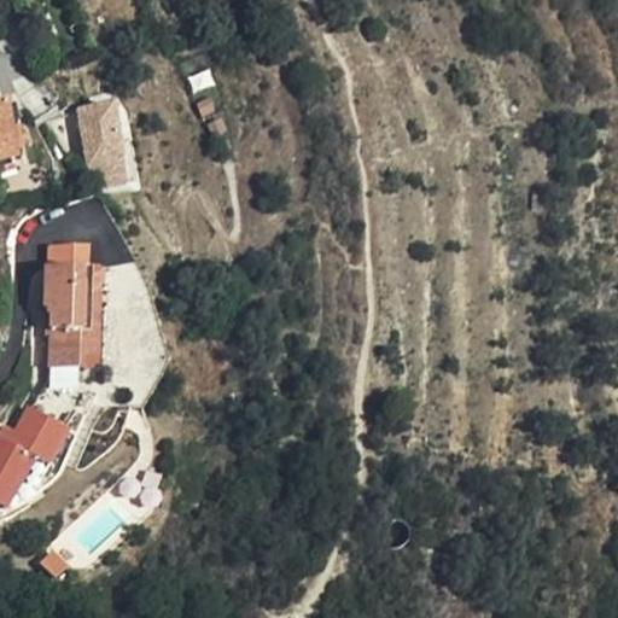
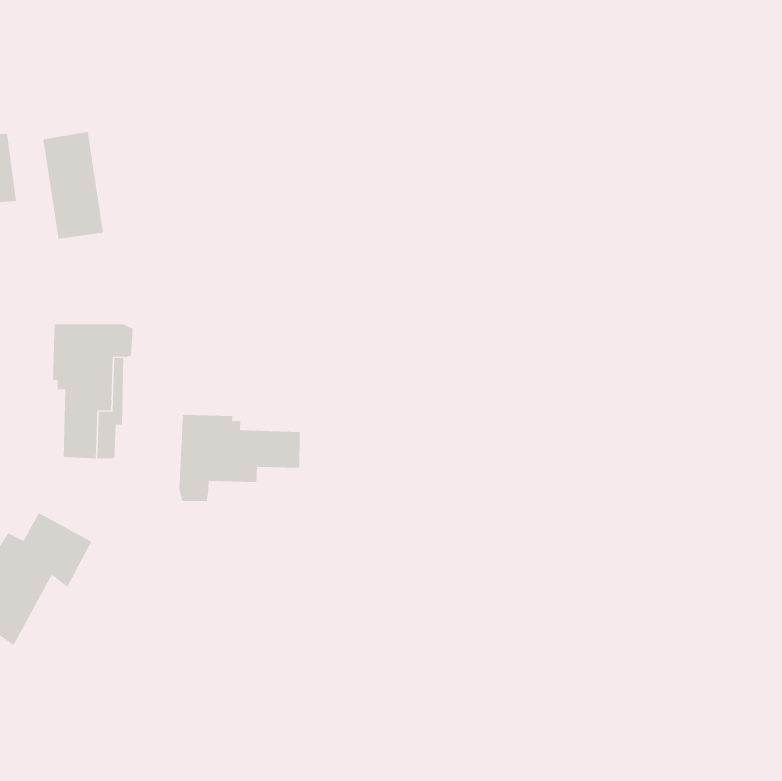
building: [80,99,128,183] -> [42,132,104,239]
building: none -> [179,414,300,502]

